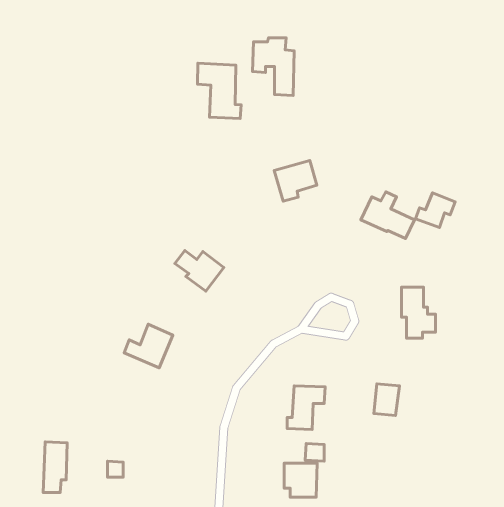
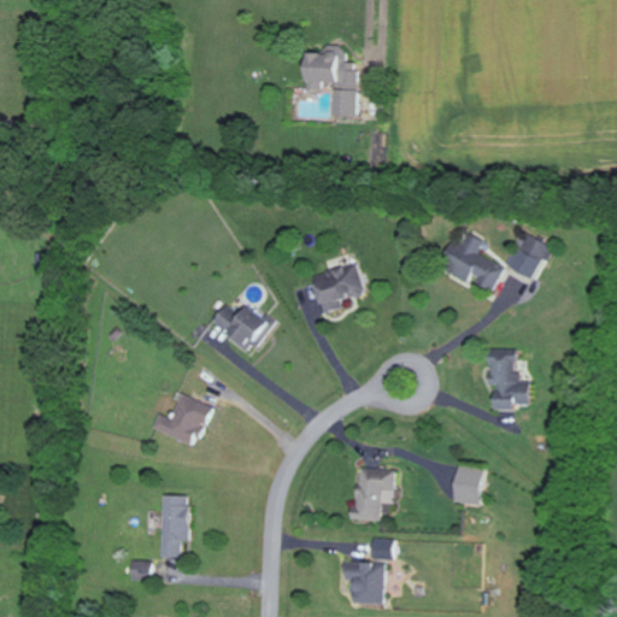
building: [197,63,241,118] -> none
building: [274,160,317,201] -> [312,264,364,313]
building: [43,442,67,493] -> [159,495,188,557]

